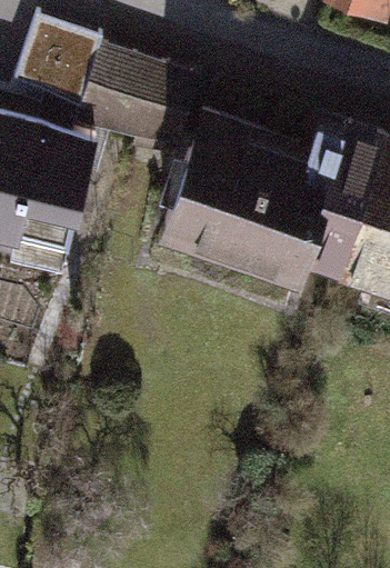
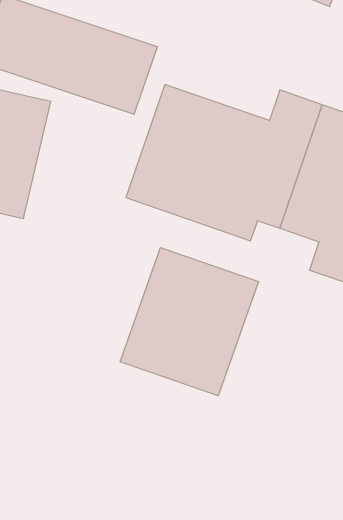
building: none -> [120,248,258,396]

